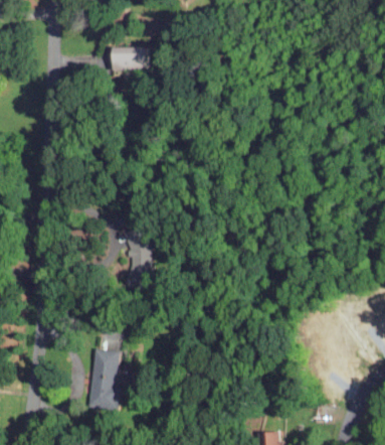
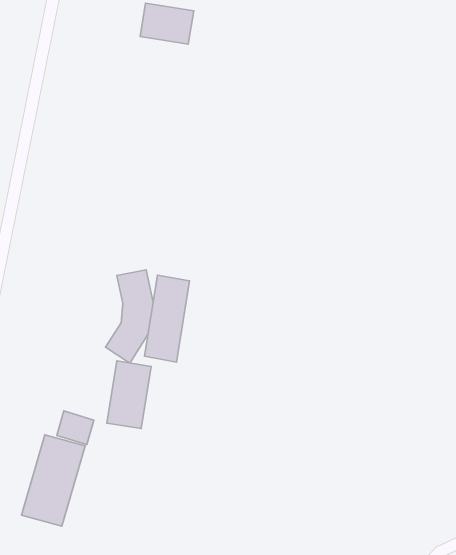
building: none -> [144,275,189,362]
building: none -> [107,361,151,429]

